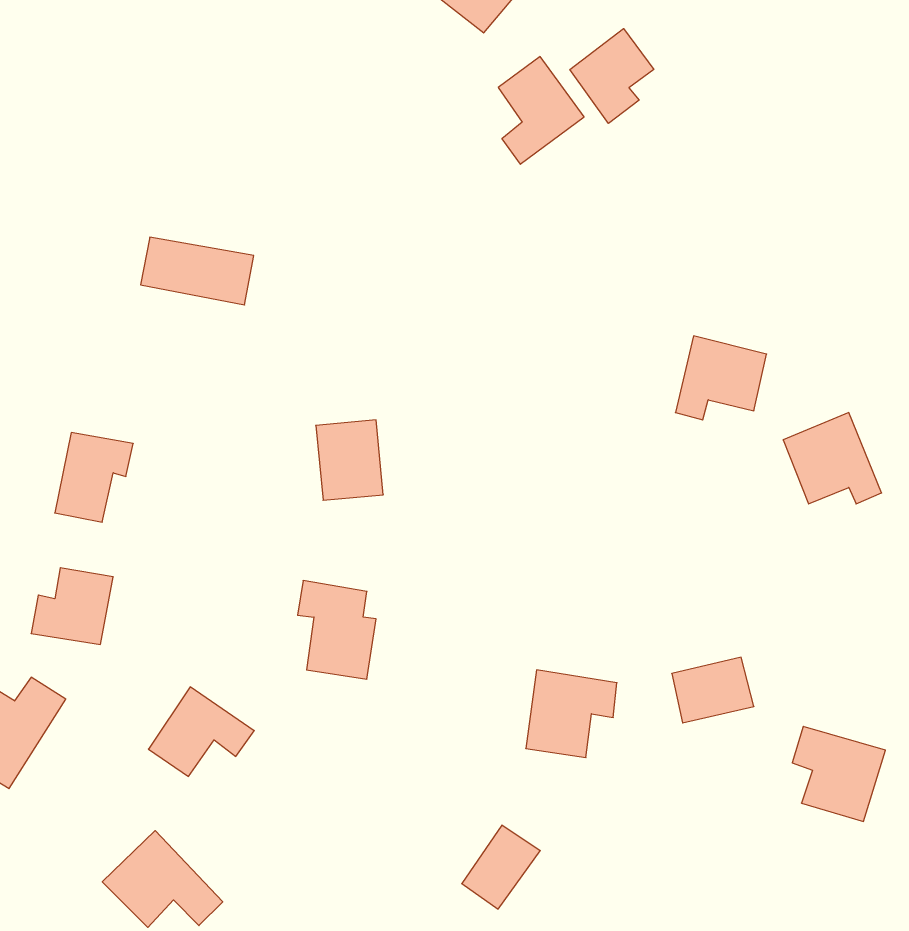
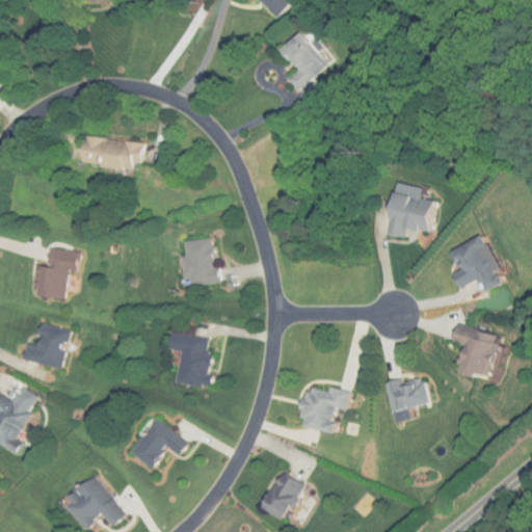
building: [570,29,654,123] -> none
building: [148,687,254,776] -> [129,417,189,468]
building: [792,726,885,821] -> [451,321,504,375]

